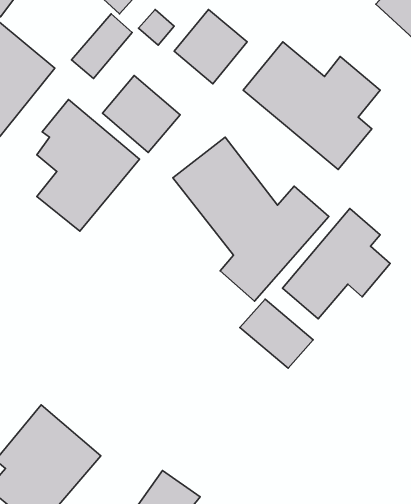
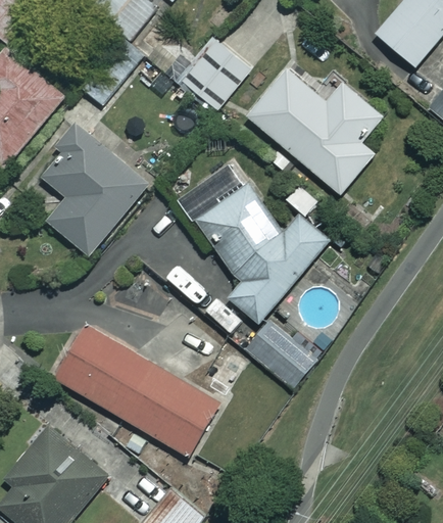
building: [102,76,180,153] -> none
building: [282,209,390,319] -> none
building: none -> [54,326,218,456]

